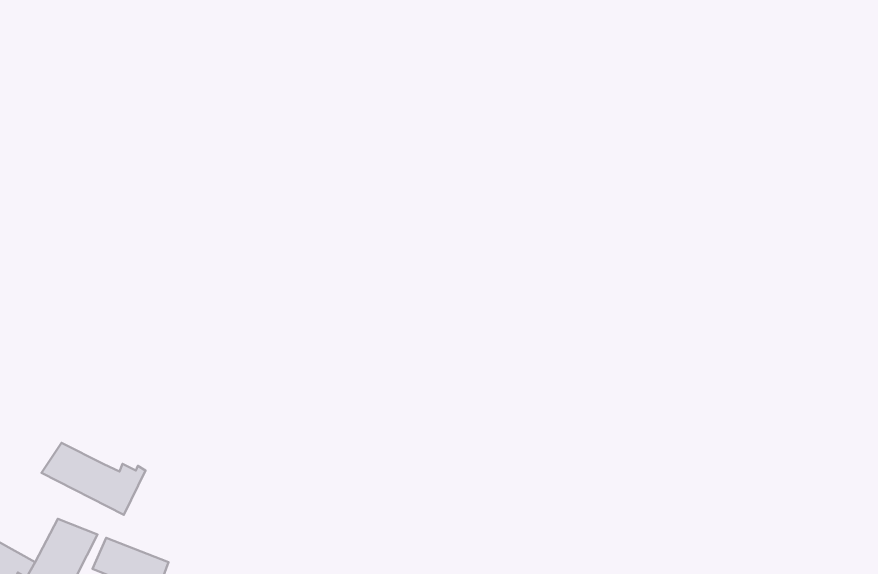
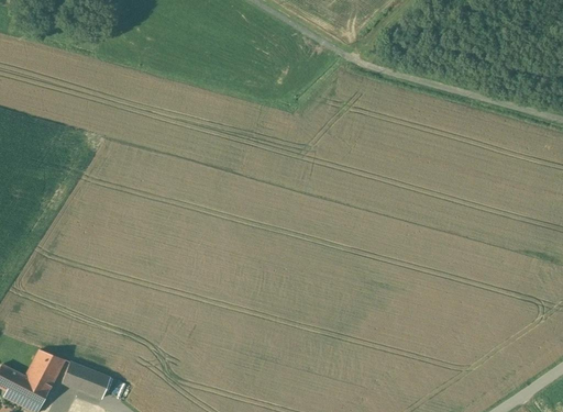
building: [42,443,145,515] -> none

